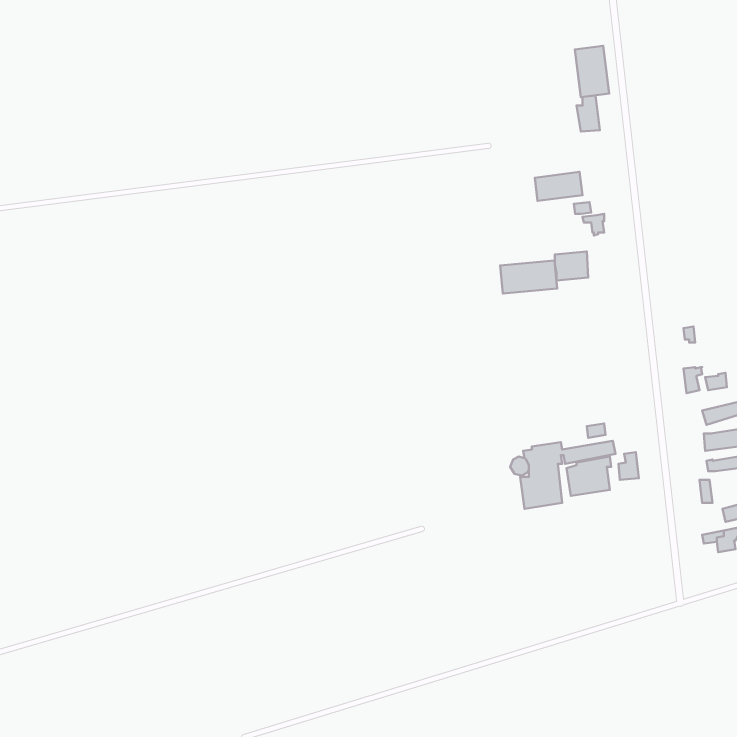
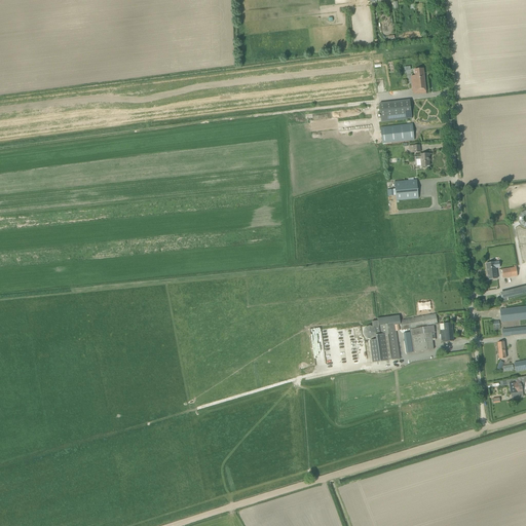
building: [575,46,609,97] -> none
building: none -> [380,99,413,121]
building: [500,260,557,294] -> none

